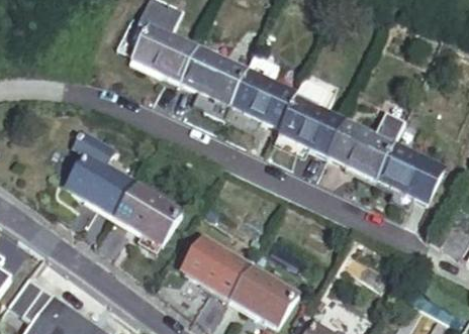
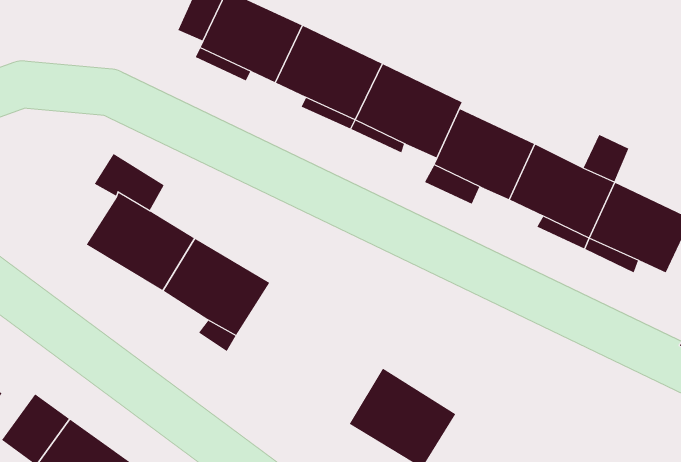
building: [181,233,250,297] -> none

